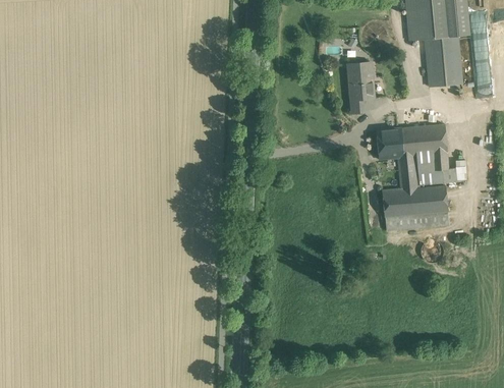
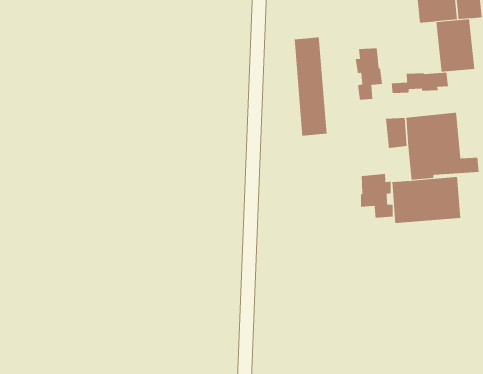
building: none -> [294,36,327,137]
building: none -> [391,72,448,94]
building: none -> [361,173,393,219]

